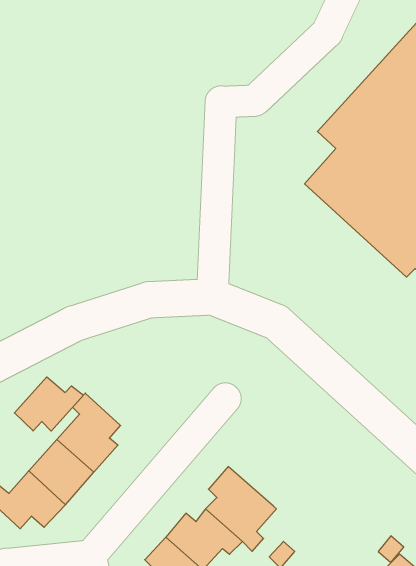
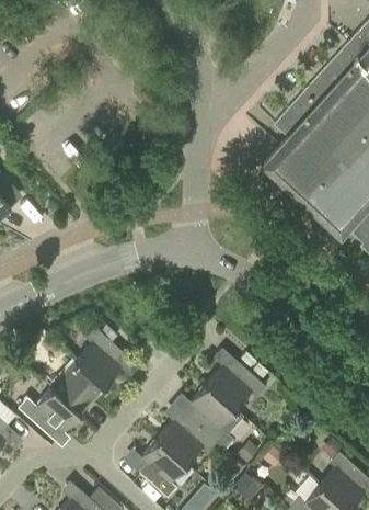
building: [14,377,83,431] -> none
building: none -> [206,363,266,416]

